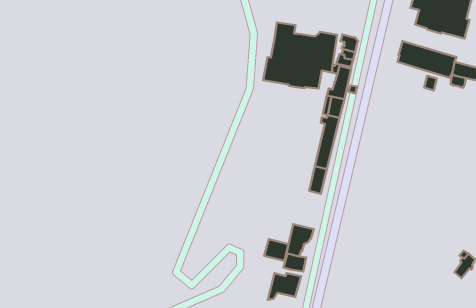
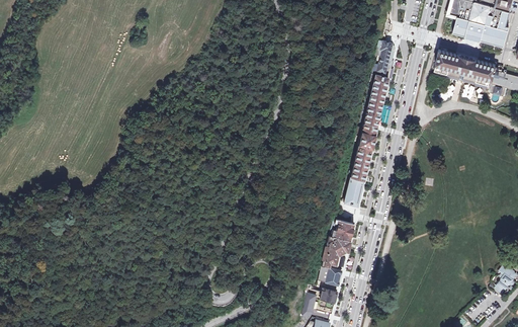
building: [263,23,337,89] -> none
building: [264,239,289,261] -> [329,221,354,243]

